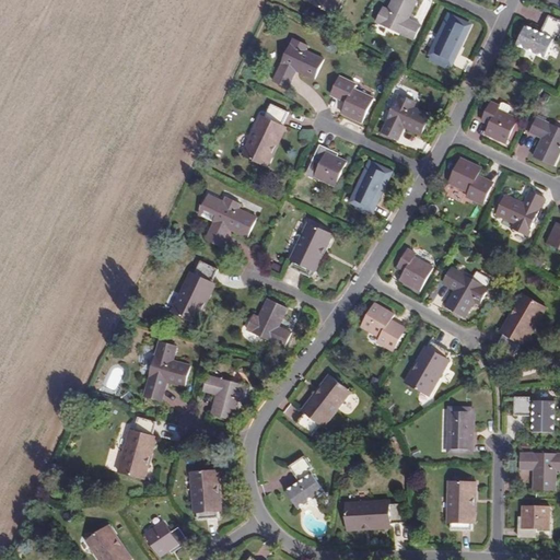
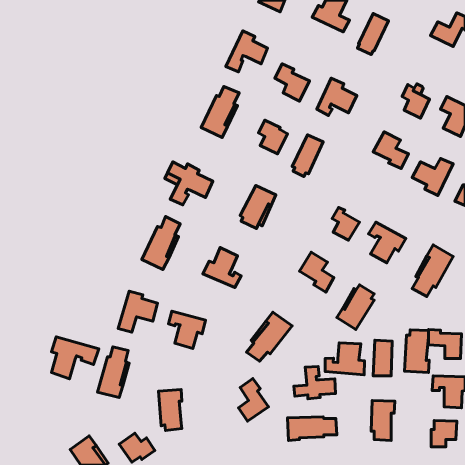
building: none -> [405,330,429,372]
building: none -> [51,337,99,379]
building: none -> [325,343,364,375]
building: none -> [294,367,336,399]

